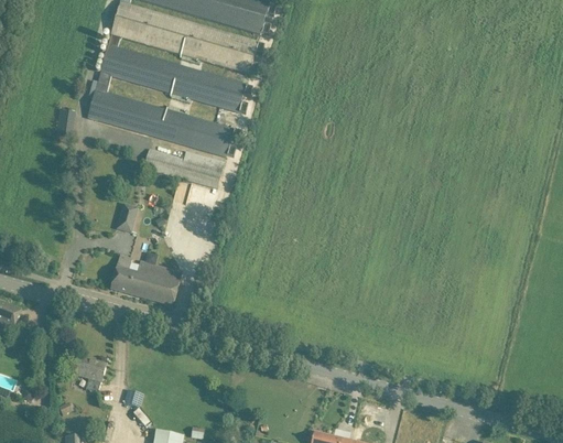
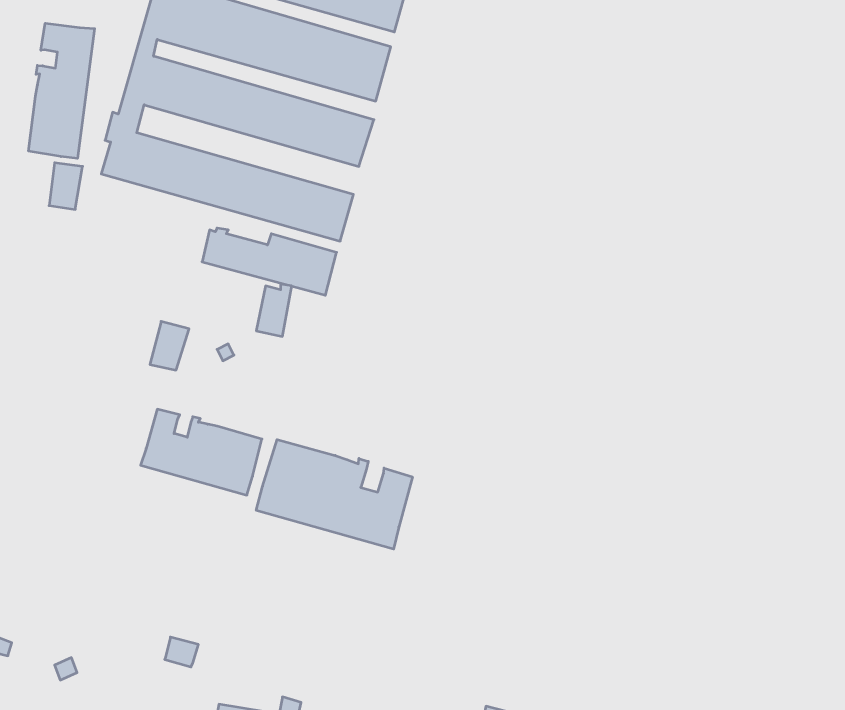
building: none -> [29,23,95,158]
building: none -> [256,440,412,549]
building: [75,359,106,382] -> none

